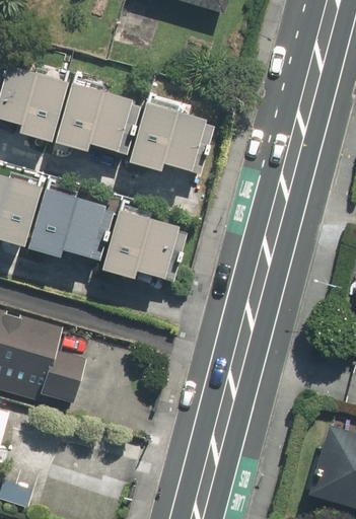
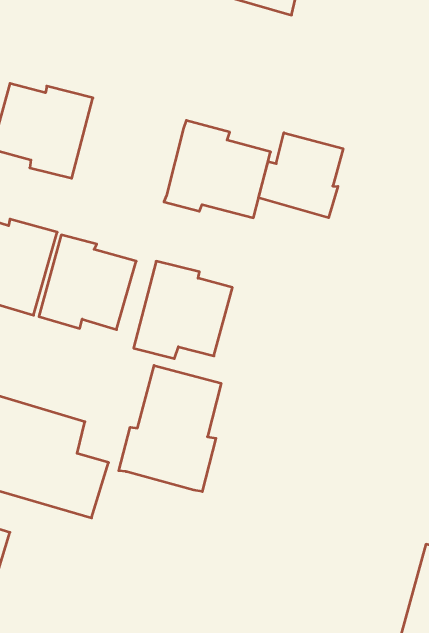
building: [59,81,141,155] -> none
building: none -> [259,133,343,218]
building: none -> [119,365,221,492]

